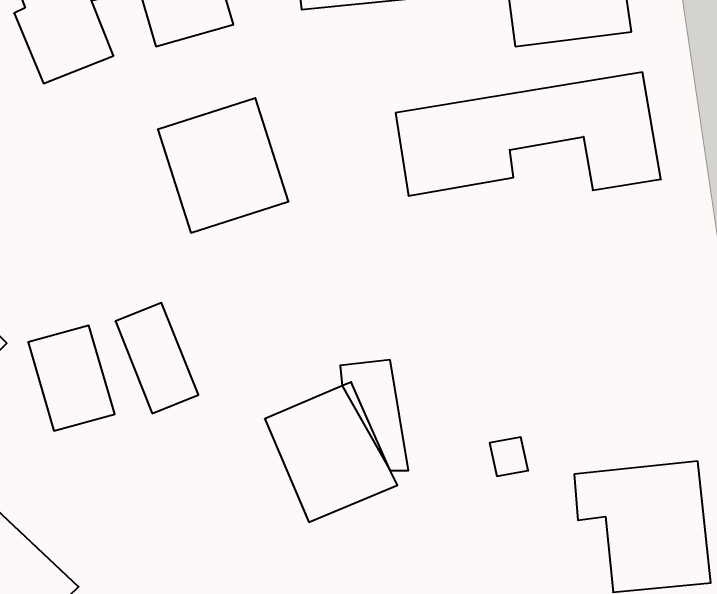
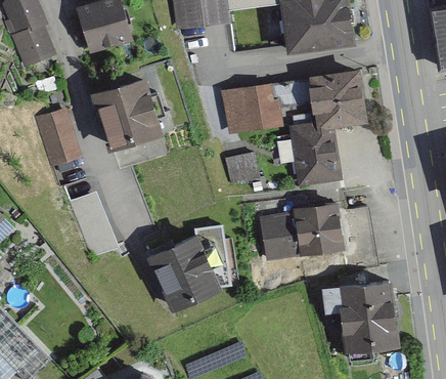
building: none -> [283,120,350,185]
building: none -> [225,154,258,185]
building: none -> [267,204,357,258]
building: [28,326,115,431] -> [35,109,83,167]

